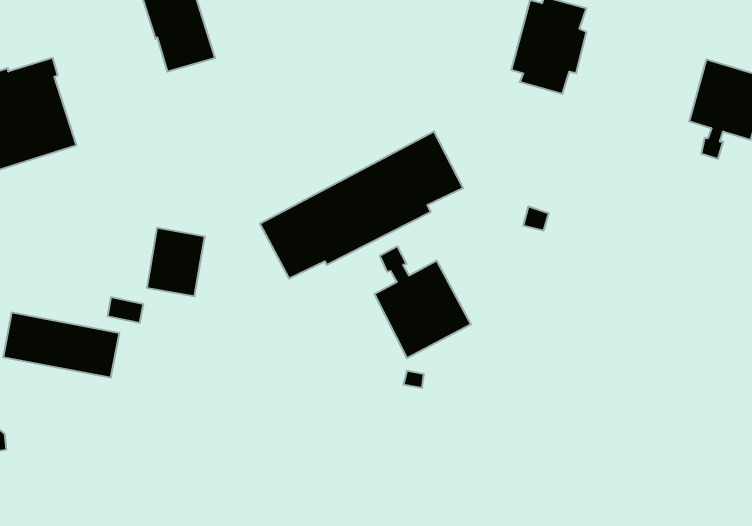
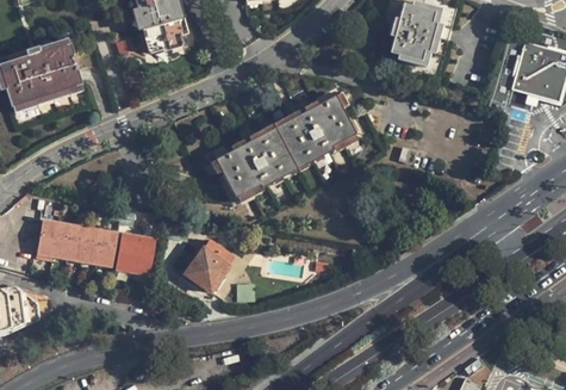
building: [147,228,205,296] -> [113,233,154,280]
building: [375,246,471,358] -> none
building: none -> [184,239,236,293]

